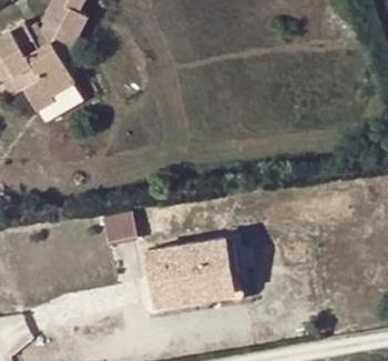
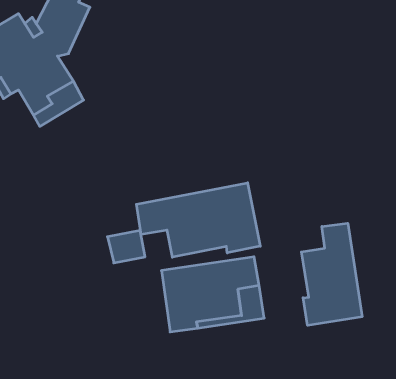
building: none -> [136,183,260,257]
building: none -> [301,223,362,325]

